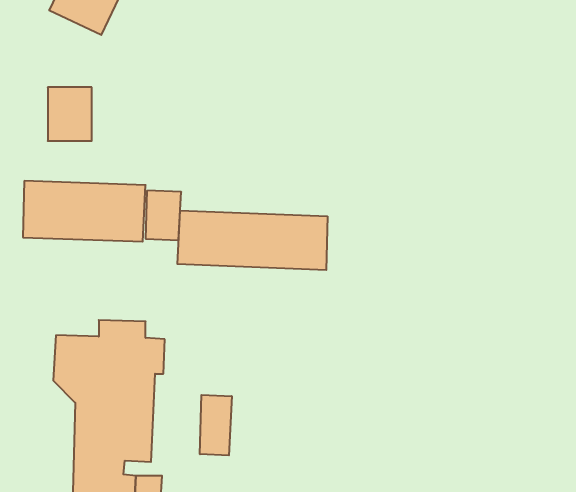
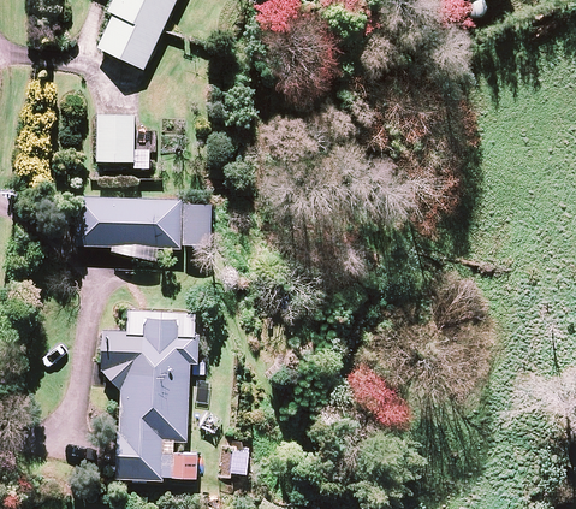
building: [177,210,327,270] -> none
building: [200,395,232,455] -> none

